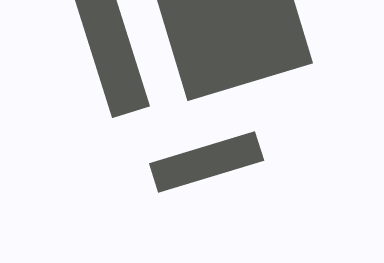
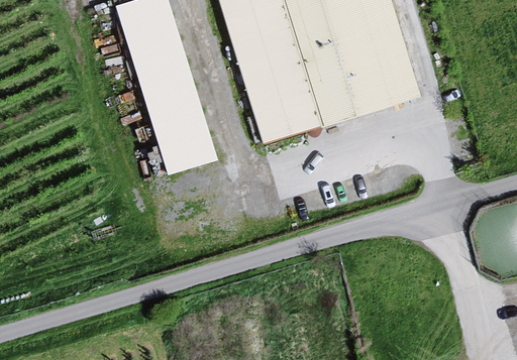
building: [148,130,265,194] -> none

